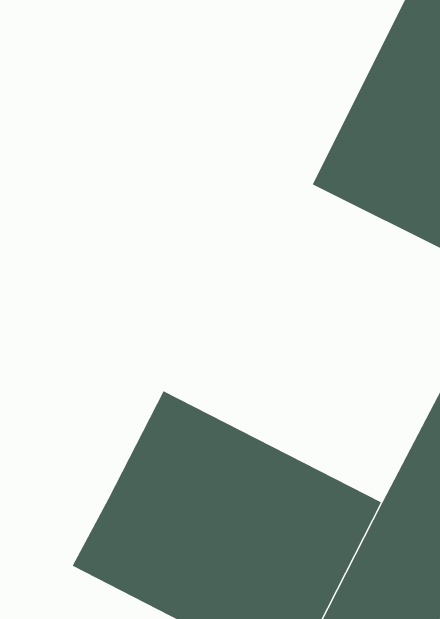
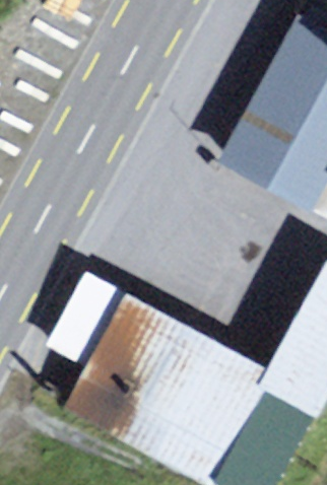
building: none -> [49,276,122,366]

